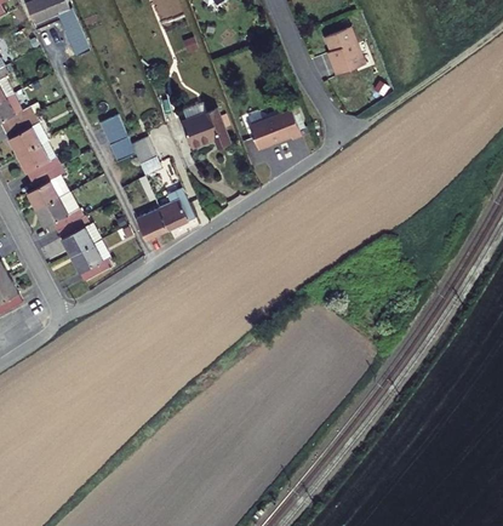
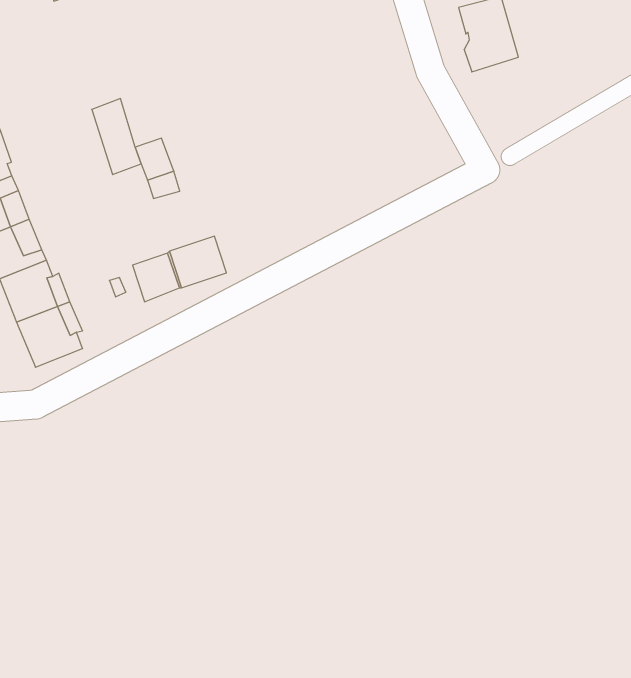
building: [179,109,225,147] -> none
building: [252,110,303,149] -> none

